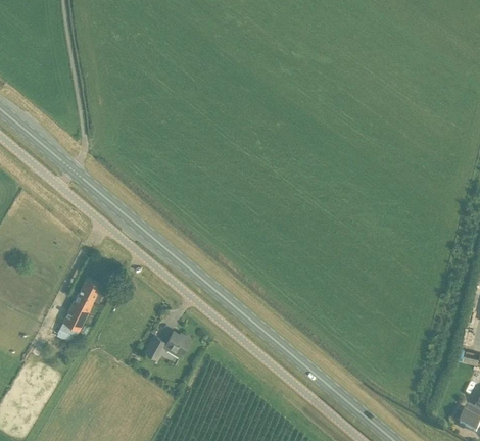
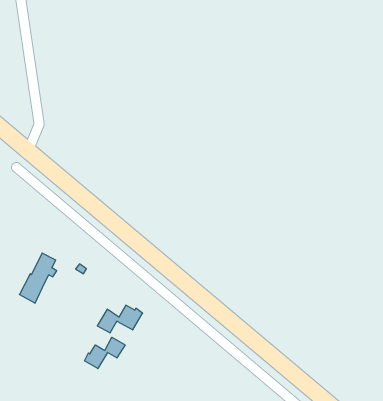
building: none -> [85,337,125,369]

